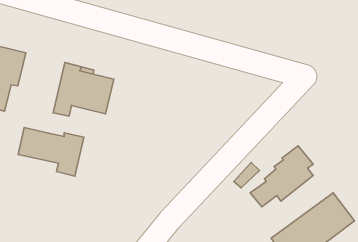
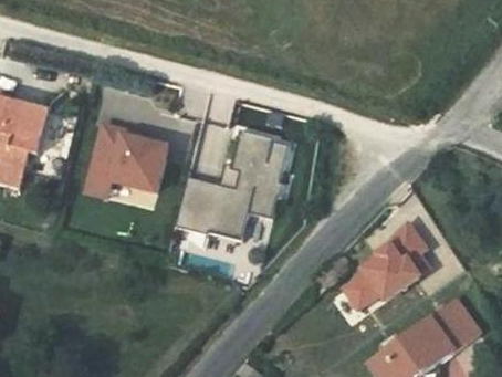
building: none -> [171,132,287,242]
building: [18,128,84,176] -> none

